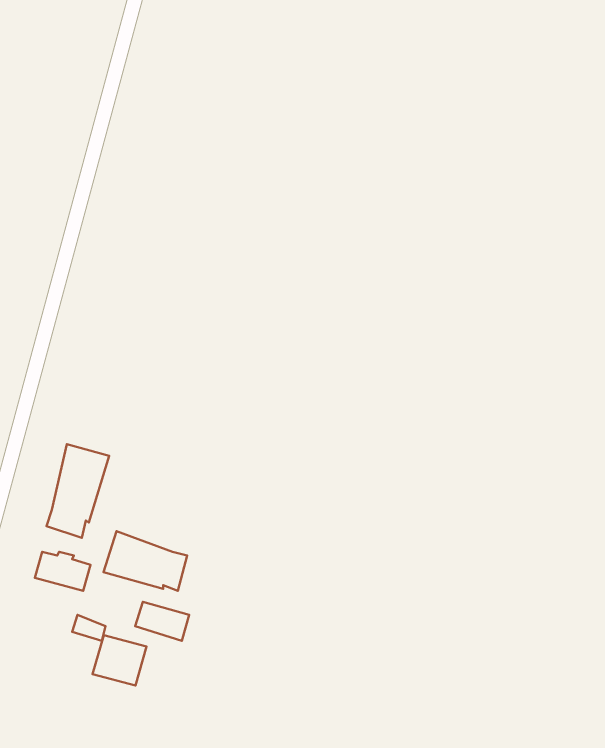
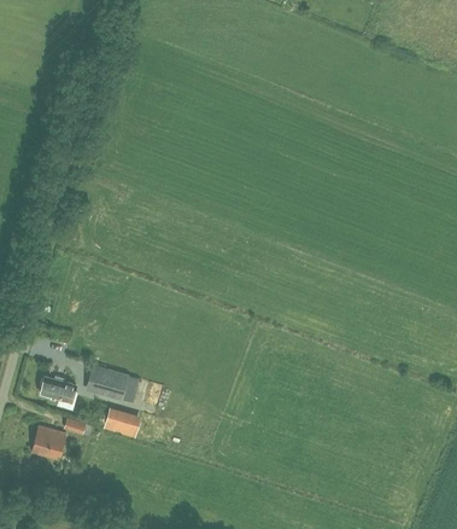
building: [46,444,109,538] -> none
building: [93,635,147,685] -> [33,426,68,459]

